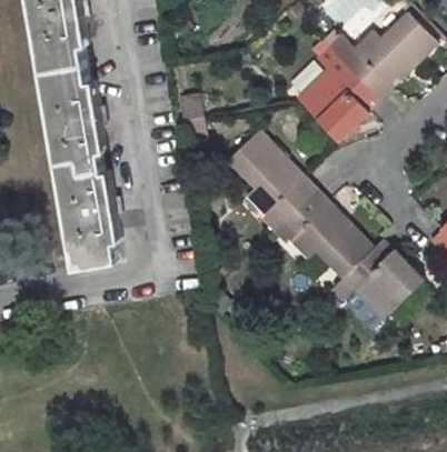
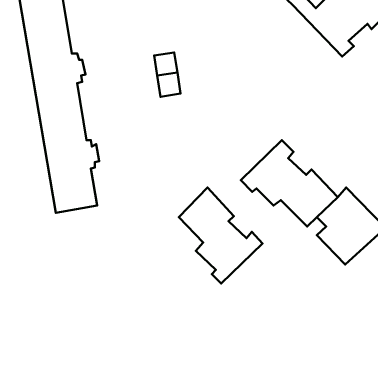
building: [297,47,377,142] -> none
building: [226,130,314,231] -> [179,188,262,284]

